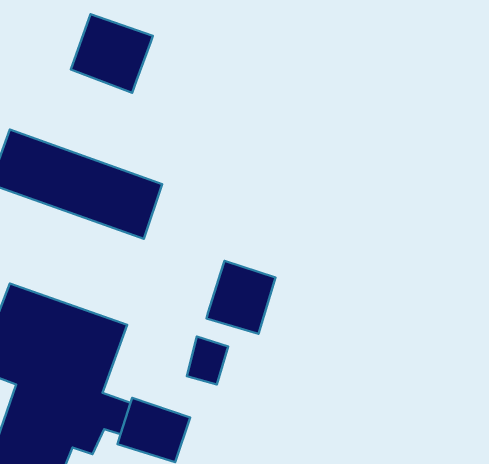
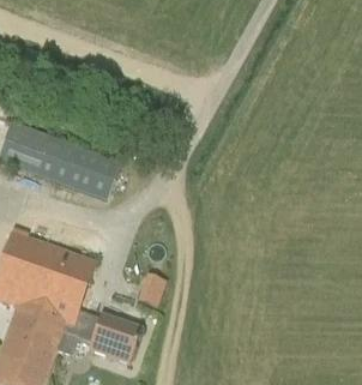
building: [71,14,153,93] -> none
building: [206,261,276,334] -> none

